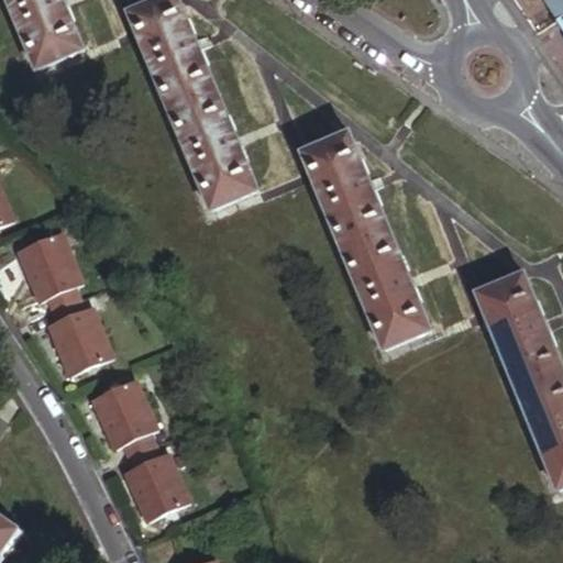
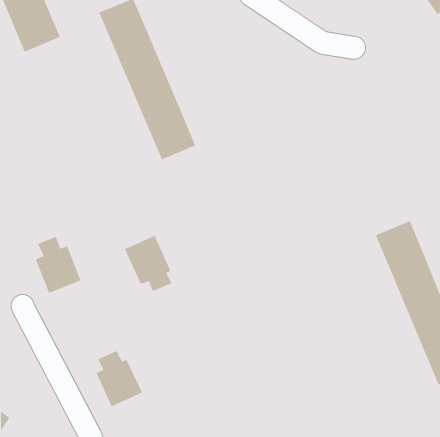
building: [302,137,429,347] -> none
building: [18,235,79,309] -> none
building: [91,383,153,455] -> [124,235,173,292]

